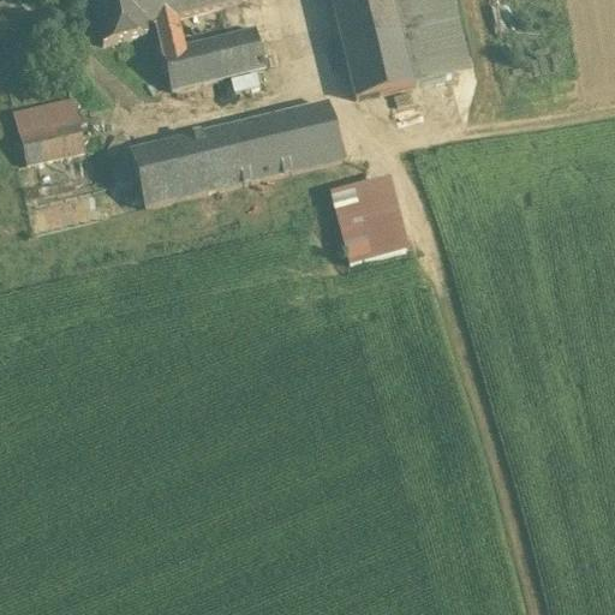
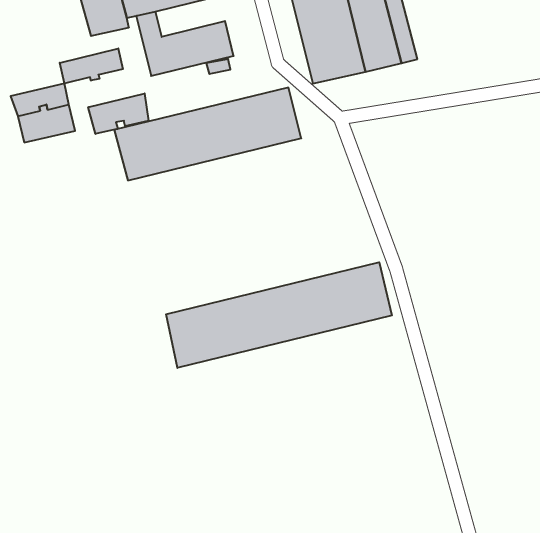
building: none -> [60,48,123,83]
building: none -> [88,93,148,134]
building: [330,175,410,261] -> none
building: none -> [166,262,392,368]

